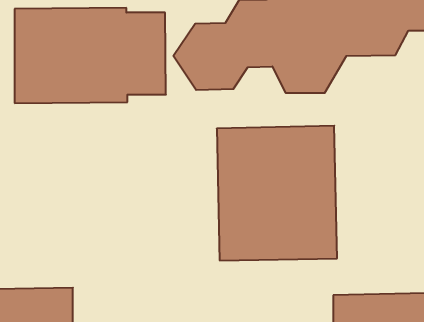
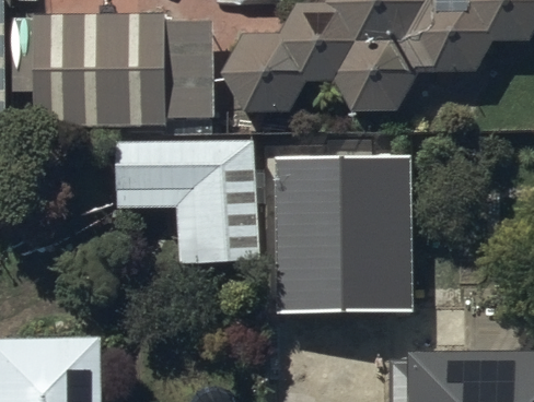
building: none -> [116,140,257,262]

